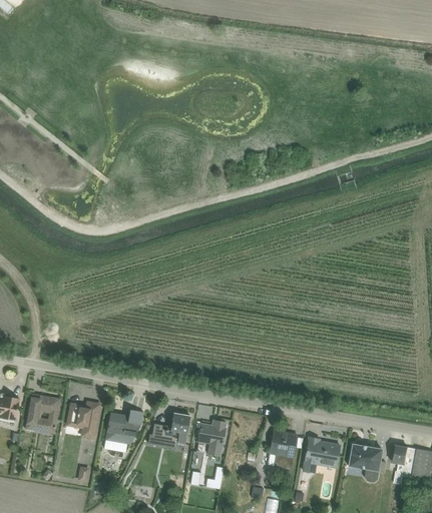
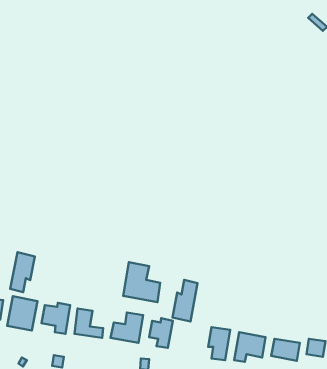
building: none -> [10,252,35,292]
building: none -> [123,262,160,302]
building: none -> [173,280,197,322]

